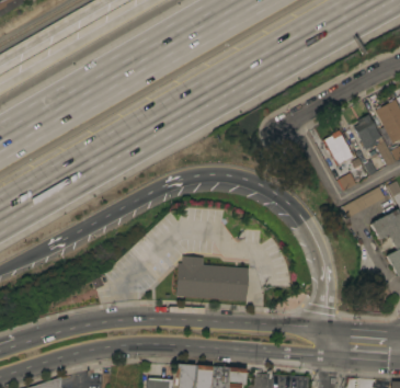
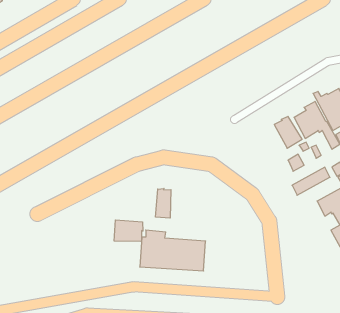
building: none -> [156,188,171,218]
building: none -> [114,220,143,242]

